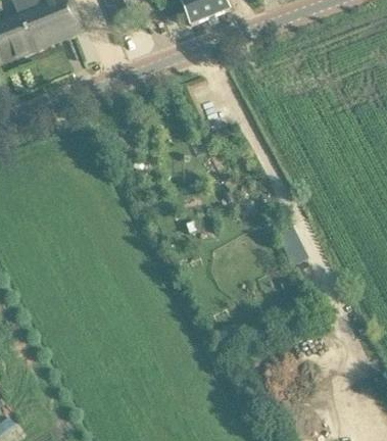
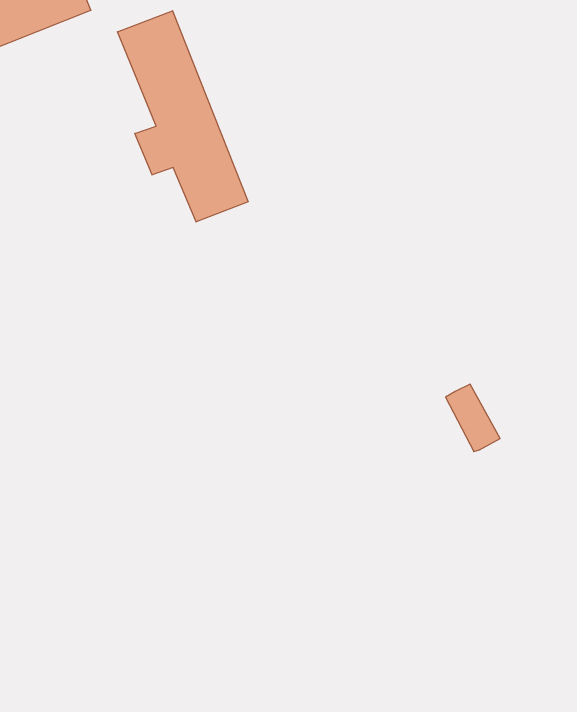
building: none -> [117,11,248,222]

